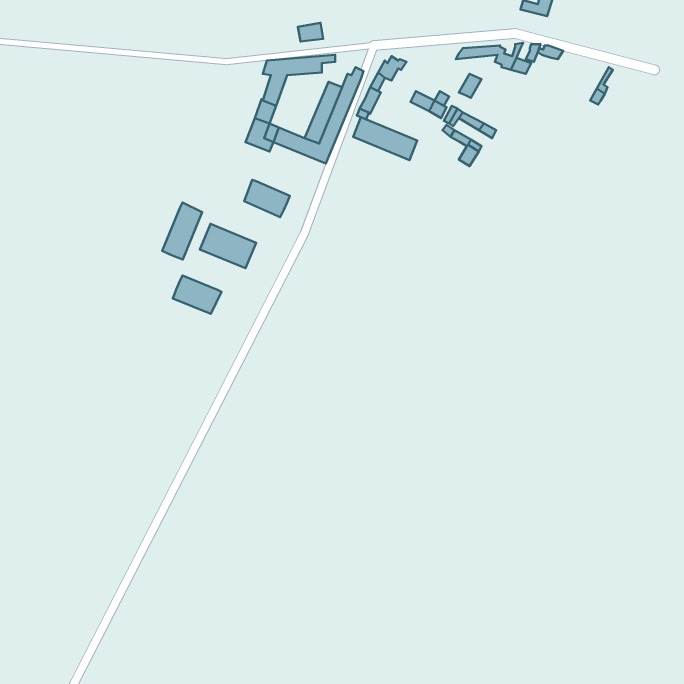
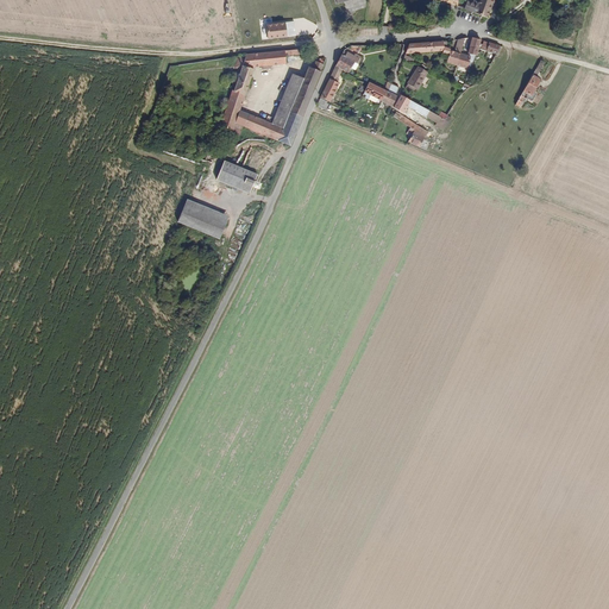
building: [353,117,417,160] -> none
building: [162,202,202,259] -> none
building: [173,275,221,314] -> none

